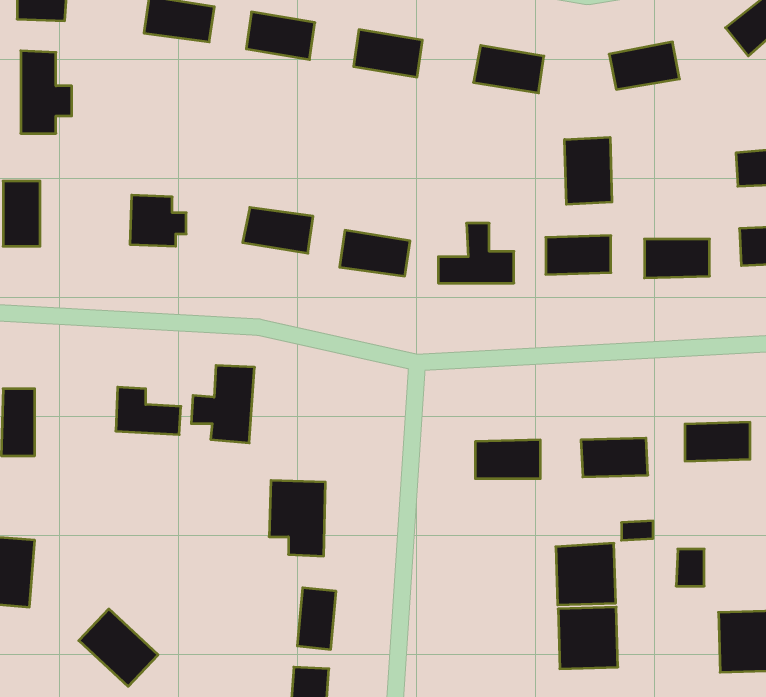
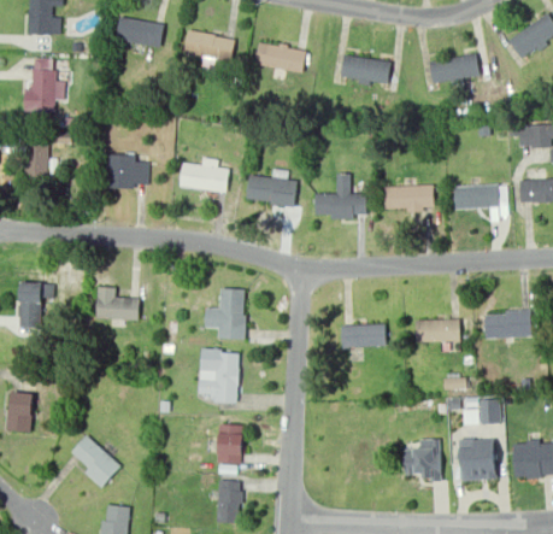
building: [565,137,612,204] -> none
building: [191,365,255,443] -> [204,286,247,339]
building: [556,543,616,605] -> [454,440,495,482]

